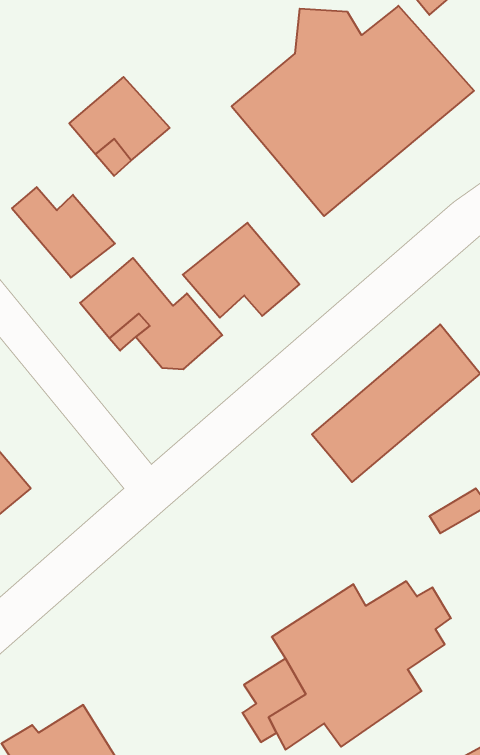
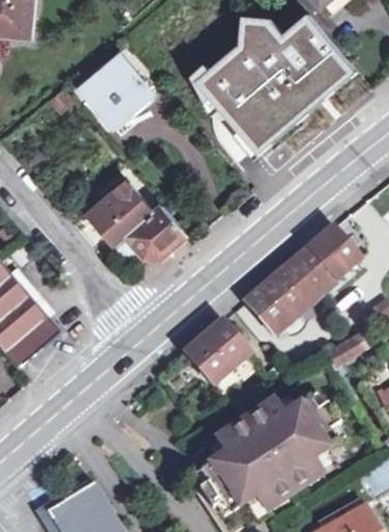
building: [12,187,115,278] -> none
building: [183,223,299,318] -> none
building: none -> [186,320,249,382]

